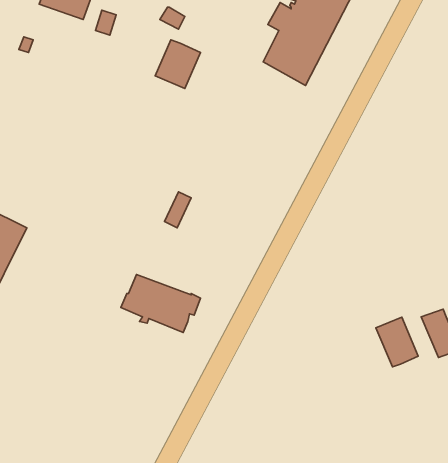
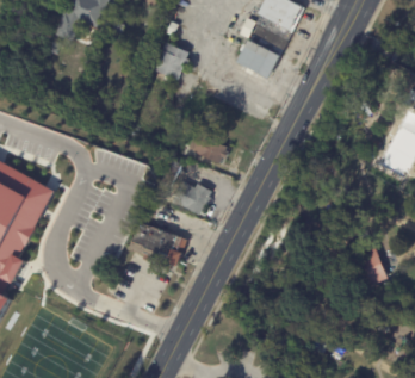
building: none -> [186,132,227,165]
building: none -> [171,182,210,216]
building: [376,317,418,367] -> none

